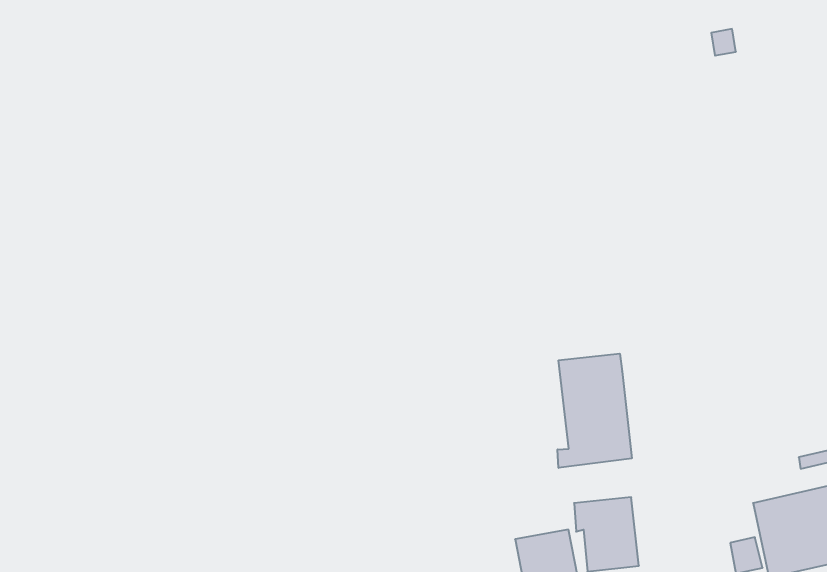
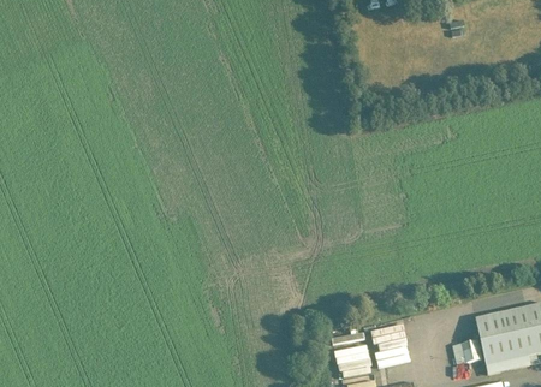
building: [558,354,632,468] -> none

